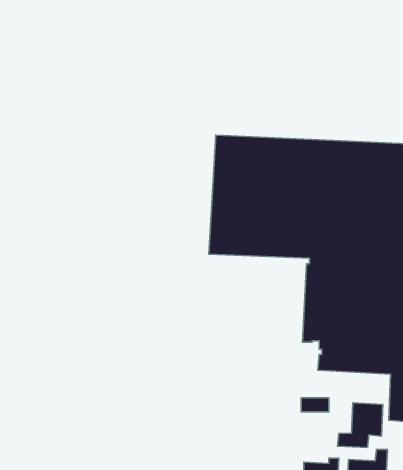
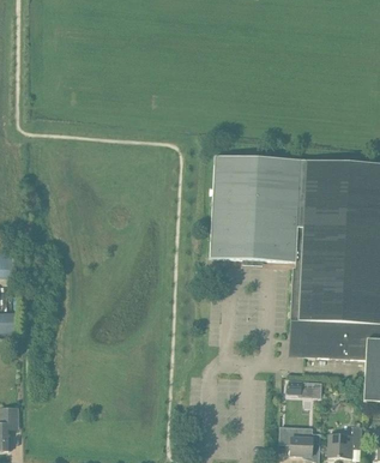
building: [338,403,383,447] -> none

